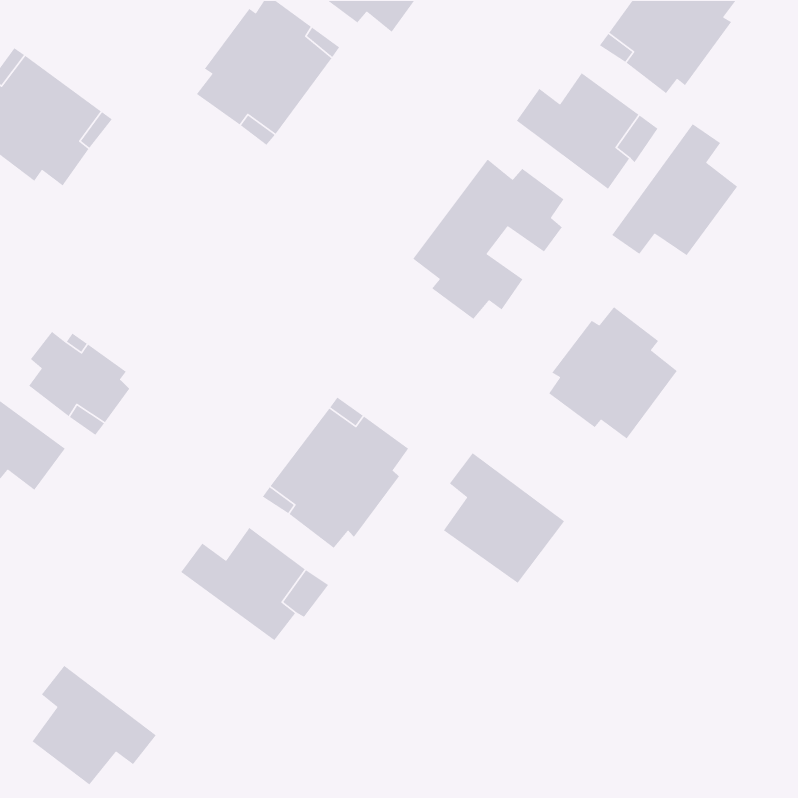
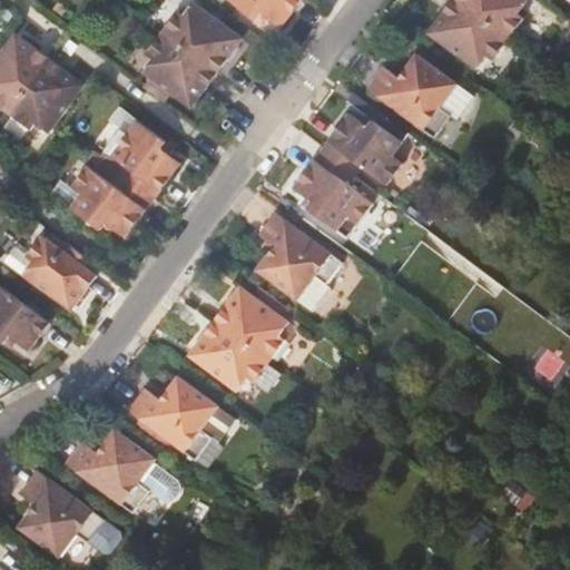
building: [611,123,738,256] -> none
building: none -> [47,108,179,236]
building: [548,306,678,440] -> none
building: [443,452,565,584] -> [253,210,340,304]
building: none -> [69,426,156,509]

